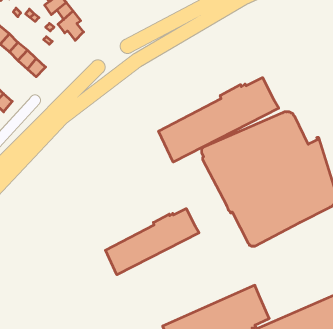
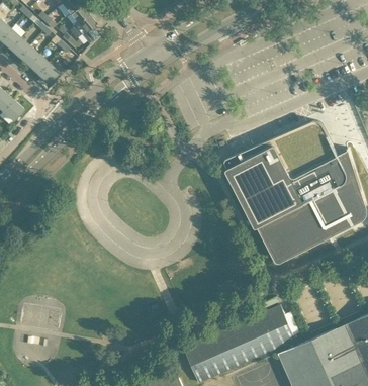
building: [159,78,279,162] -> none
building: [105,209,199,275] -> none

